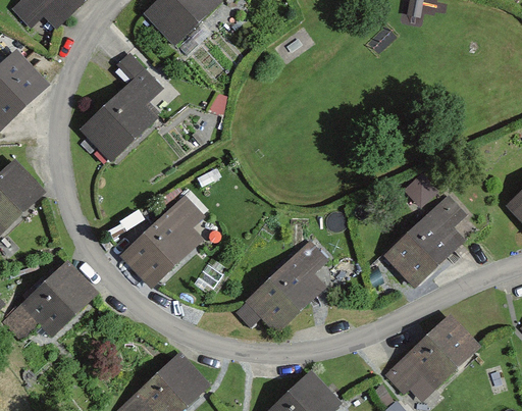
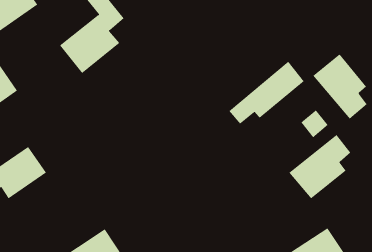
building: none -> [313,54,368,120]
building: none -> [229,61,304,124]
building: [119,196,206,291] -> none
building: [230,240,325,336] -> none

